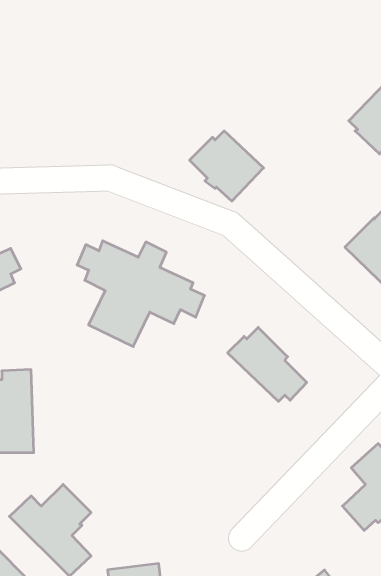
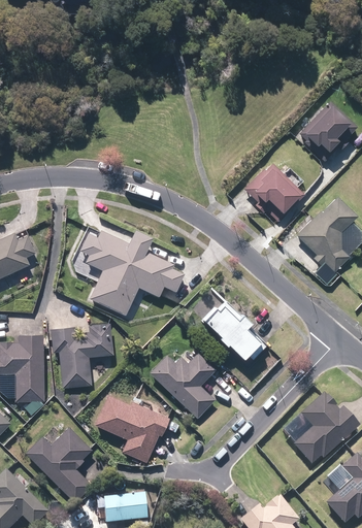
building: [190,131,264,201] -> [243,164,303,221]
building: none -> [52,324,112,388]
building: none -> [150,353,215,418]
building: none -> [94,395,169,462]

